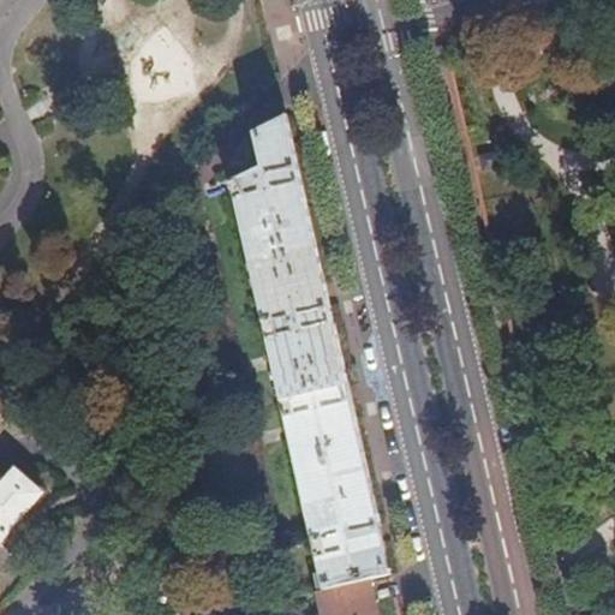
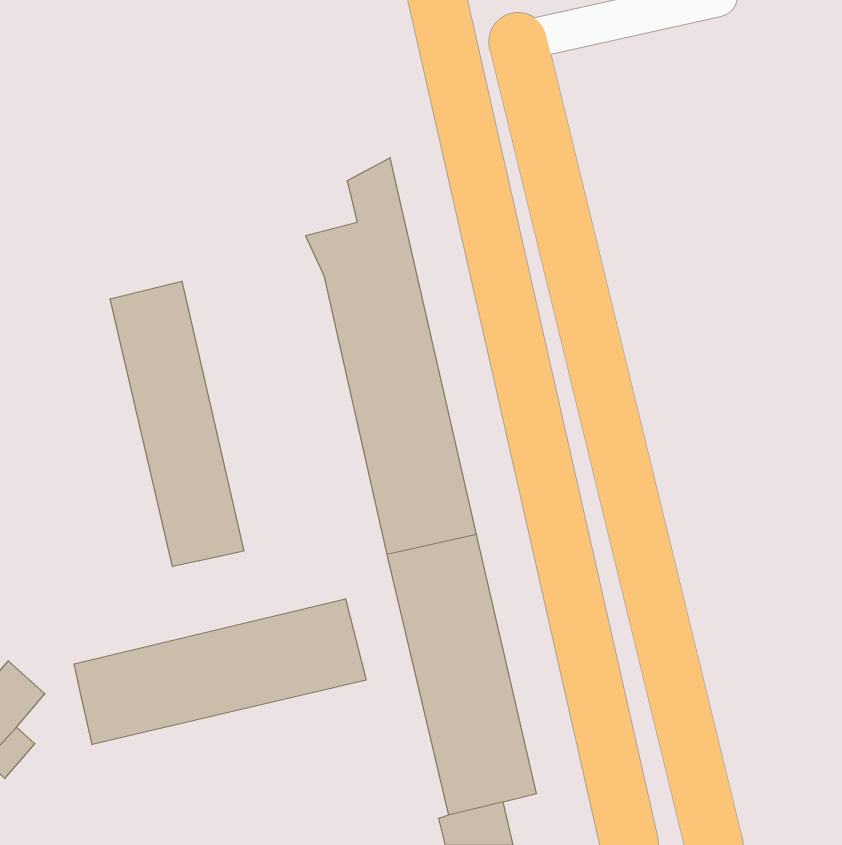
building: none -> [110,281,244,567]
building: none -> [74,599,366,745]

